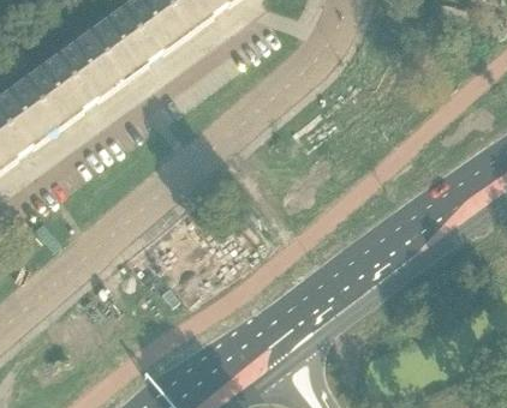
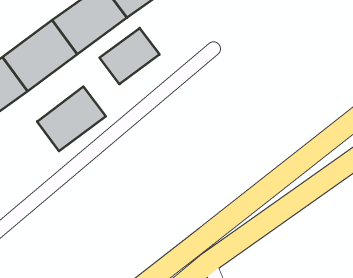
building: none -> [100,28,159,84]
building: none -> [37,87,106,151]

